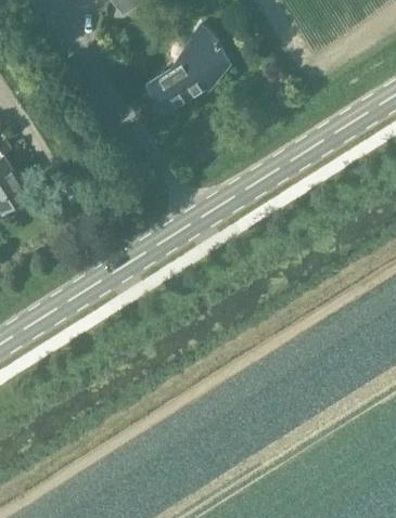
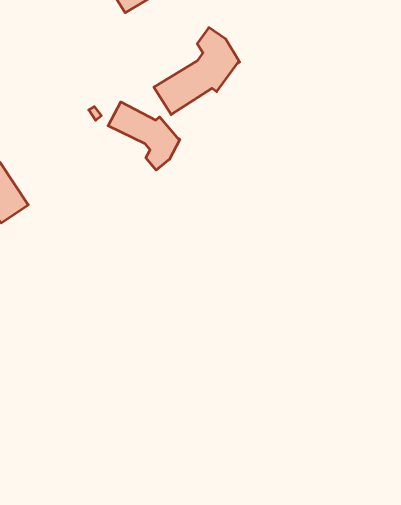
building: none -> [108,102,180,170]

